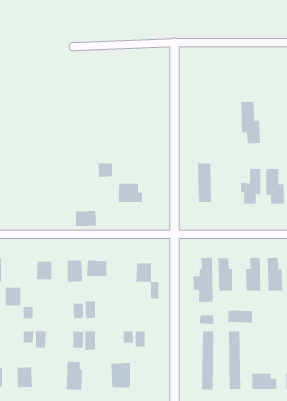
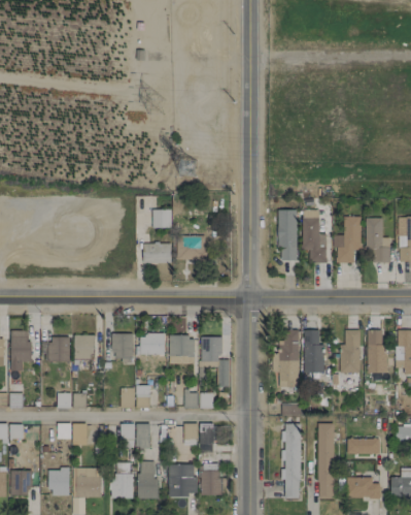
building: [240,102,261,144] -> [302,211,328,264]
building: [75,210,97,227] -> [144,244,172,264]
building: none -> [169,336,195,364]
building: [5,287,21,306] -> [49,337,70,361]
building: none -> [184,392,213,409]
building: [228,310,253,323] -> [348,439,380,455]
building: none -> [138,462,159,498]
building: none -> [202,465,220,495]
building: none -> [75,469,102,498]

